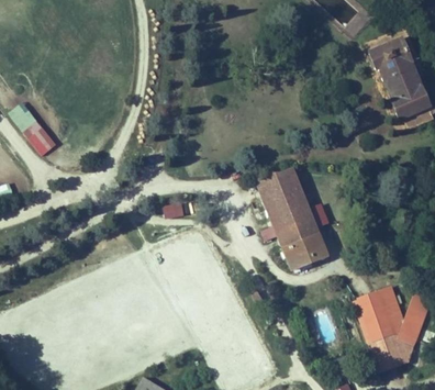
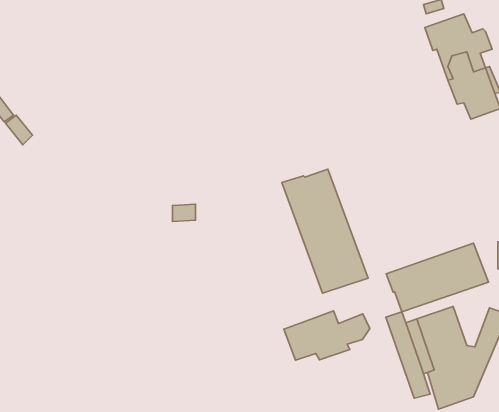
building: none -> [386,243,489,312]
building: none -> [284,311,370,360]

